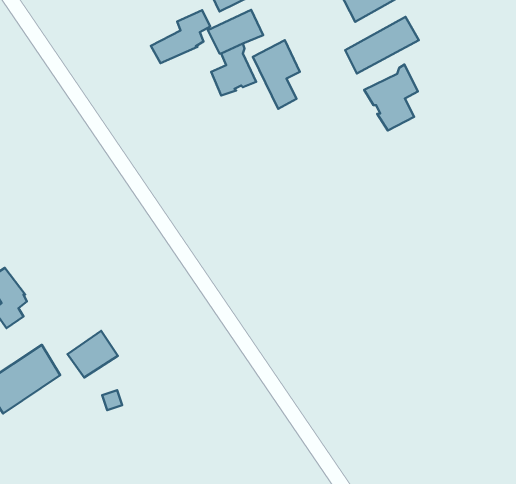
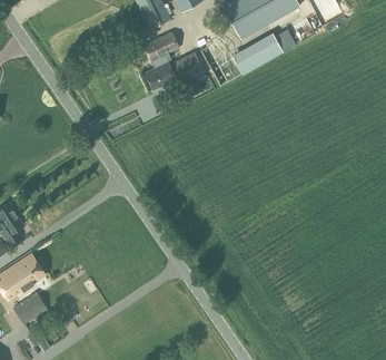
building: [151,10,210,63] -> none
building: [364,65,418,131] -> none
building: [68,331,118,378] -> [13,292,47,323]

